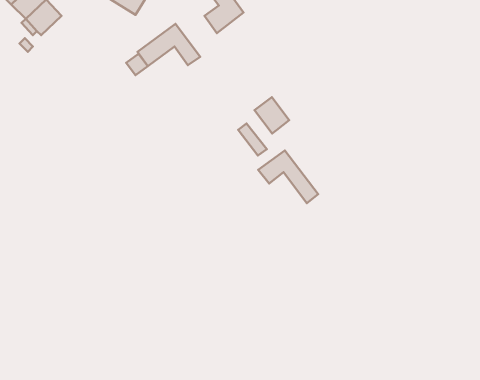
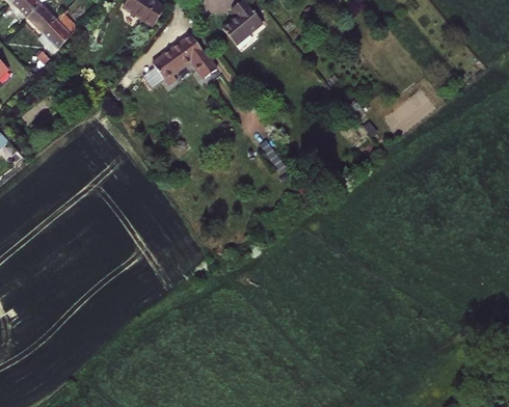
building: [254,97,289,133] -> none
building: [258,151,318,203] -> none

